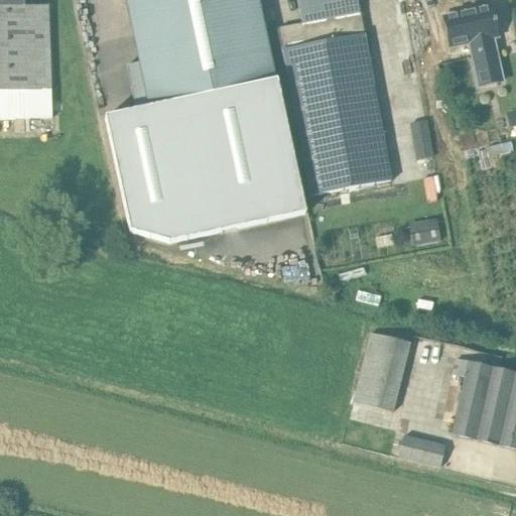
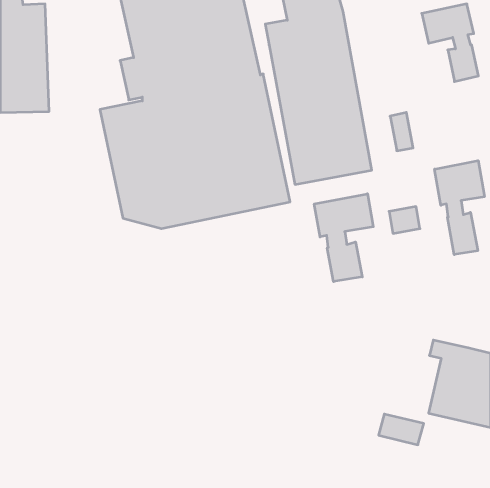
building: none -> [435,161,484,255]
building: none -> [314,194,373,282]
building: [353,332,410,411] -> none

